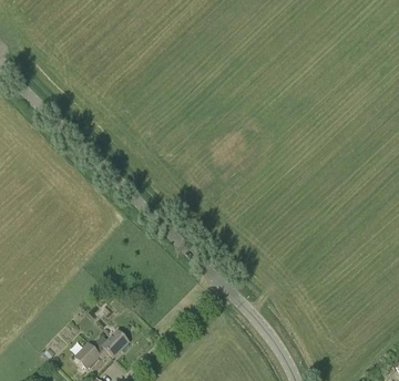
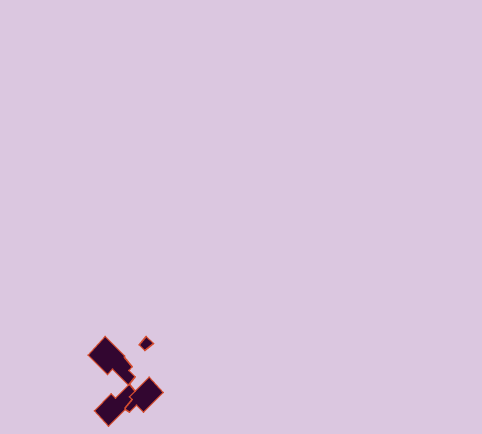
building: none -> [88,337,135,385]

